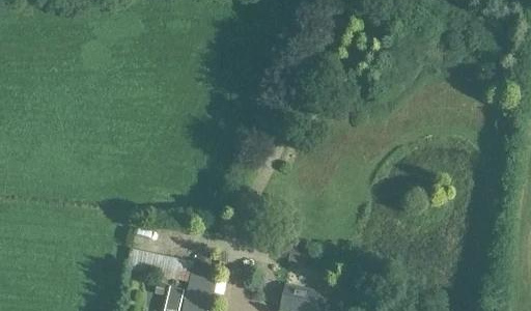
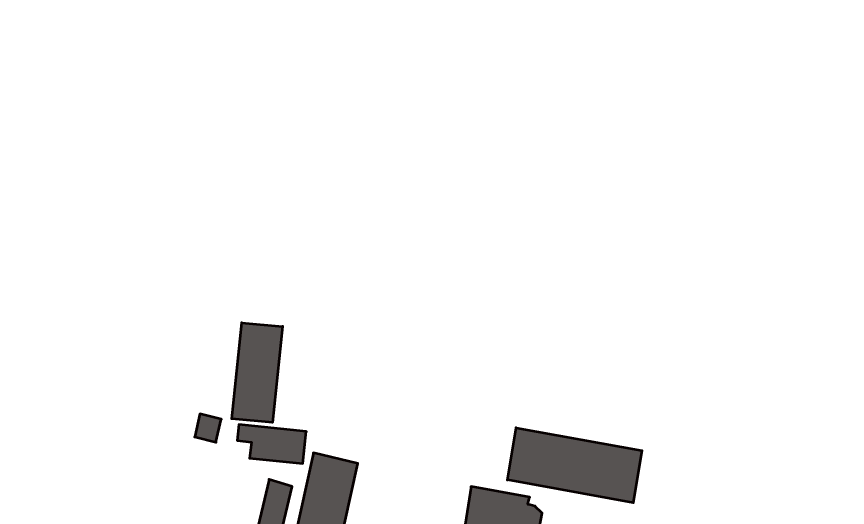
building: none -> [232,323,283,422]
building: none -> [507,428,642,503]

